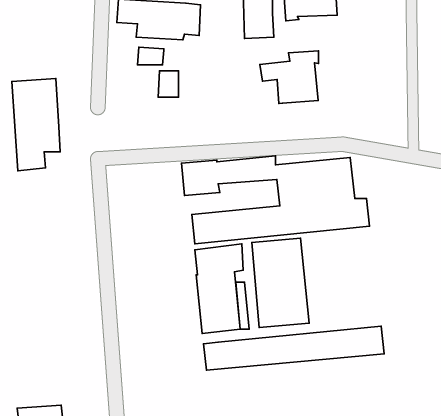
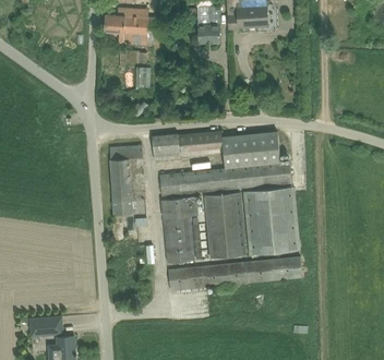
building: [260,51,319,103] -> none
building: [12,78,60,171] -> [109,145,145,214]
building: none -> [242,185,300,254]

